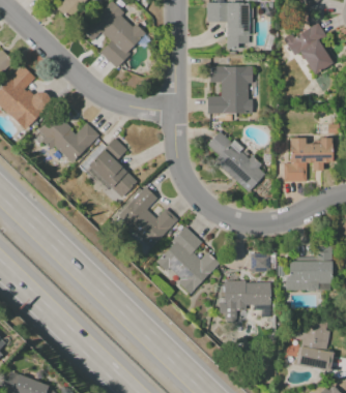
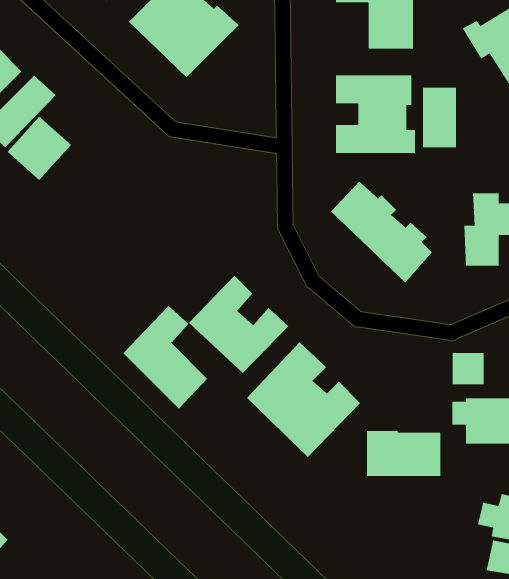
building: none -> [423,87,456,148]
building: [36,112,100,167] -> none
building: [88,137,140,200] -> [122,305,208,409]
building: [251,252,270,272] -> [452,352,484,385]

